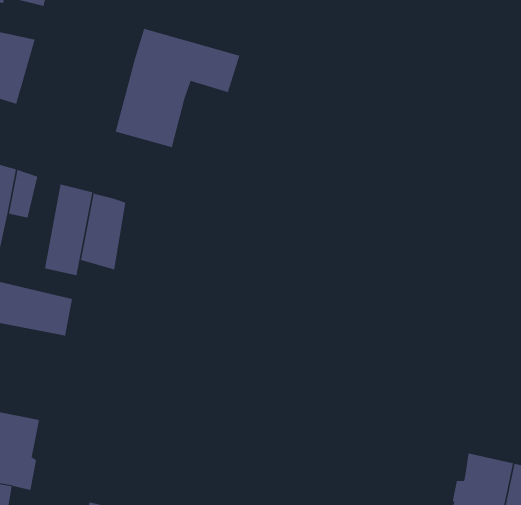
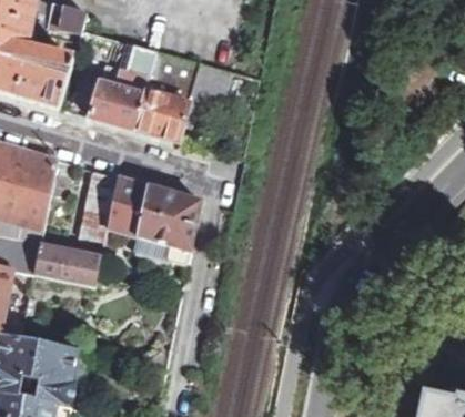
building: none -> [90,65,150,129]
building: none -> [135,183,202,265]

